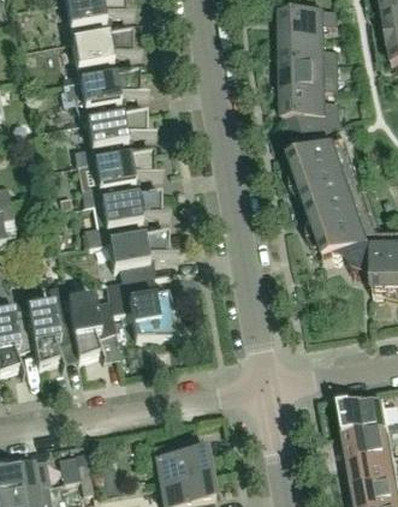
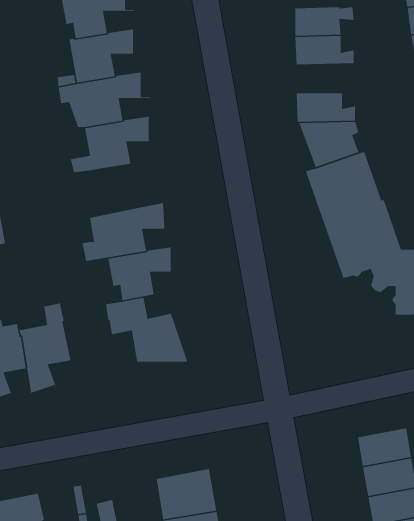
building: [281,64,337,90] -> none
building: [81,151,162,207] -> none
building: [67,297,117,362] -> none

